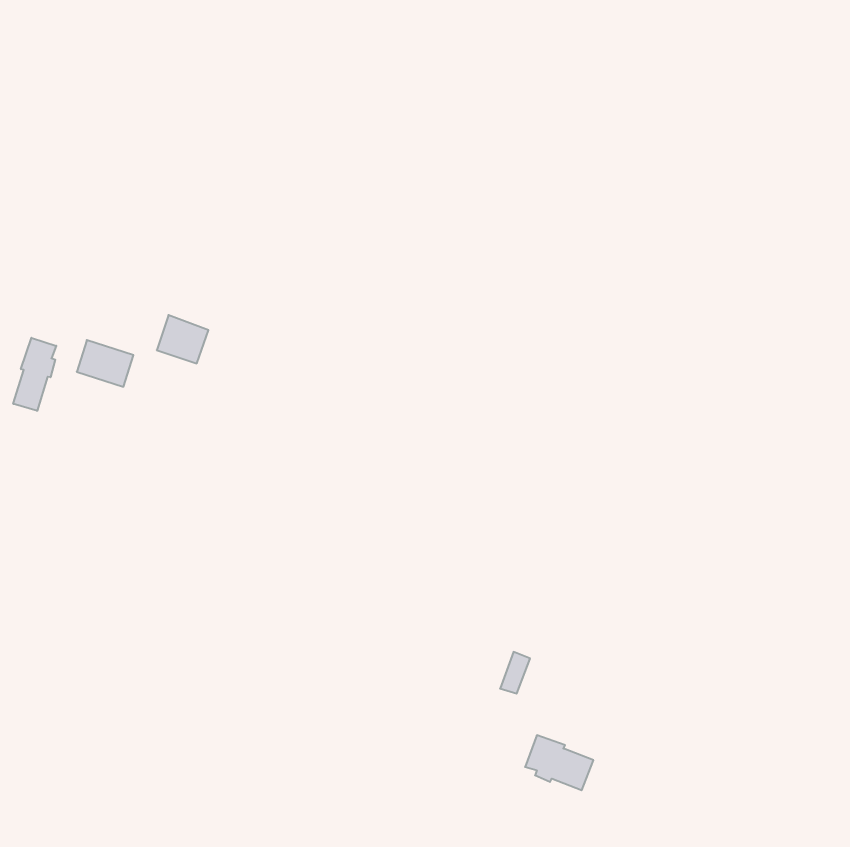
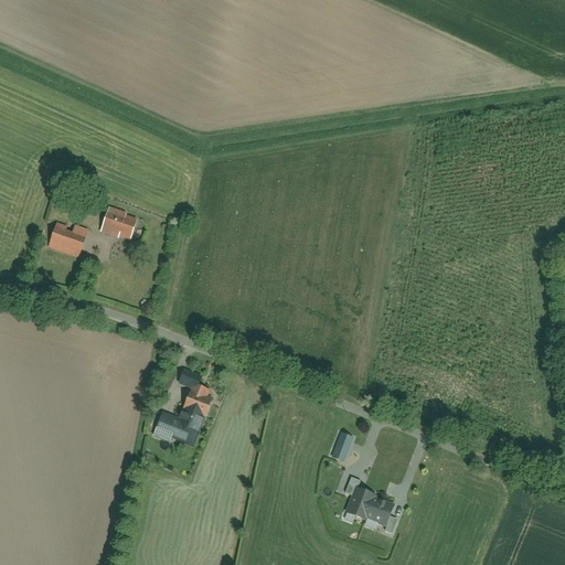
building: [13,338,56,411] -> none
building: none -> [153,383,211,441]

